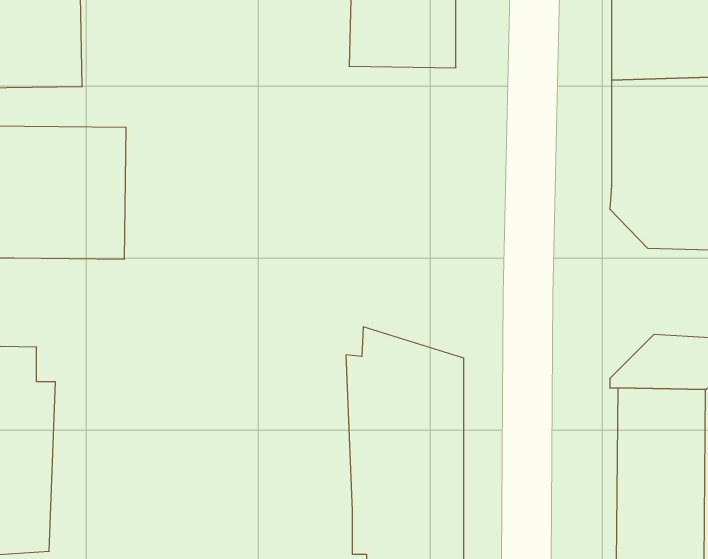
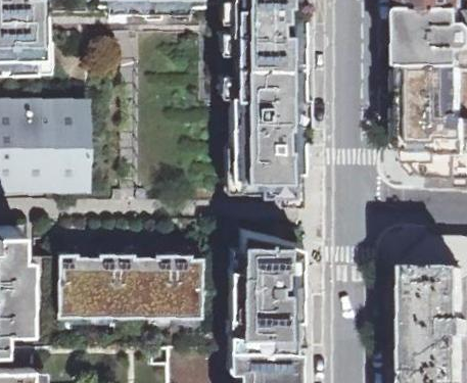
building: none -> [227,60,300,190]
building: none -> [60,257,202,324]

